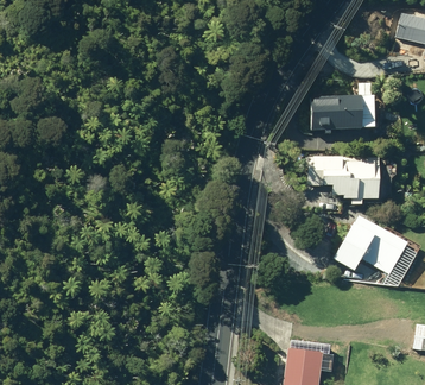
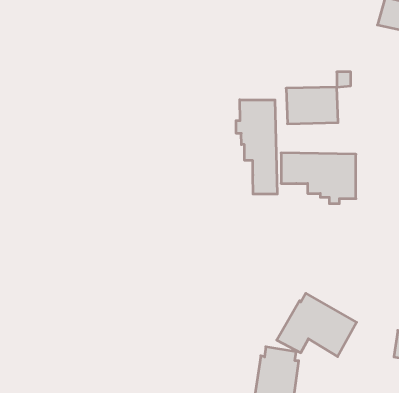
building: none -> [236,100,277,194]
building: [332,215,407,274] -> [277,293,357,357]

